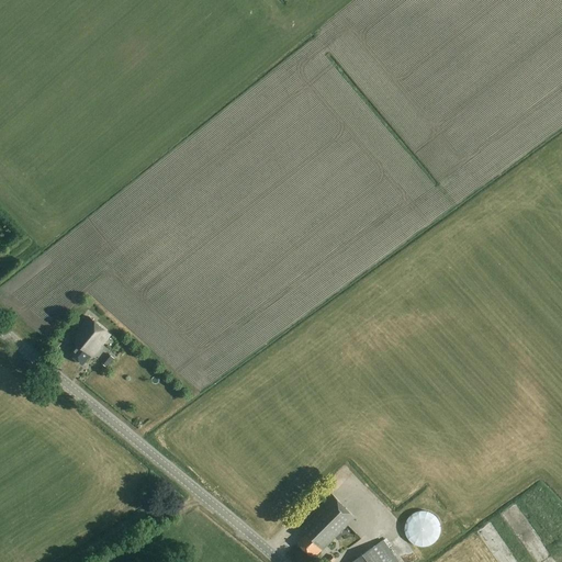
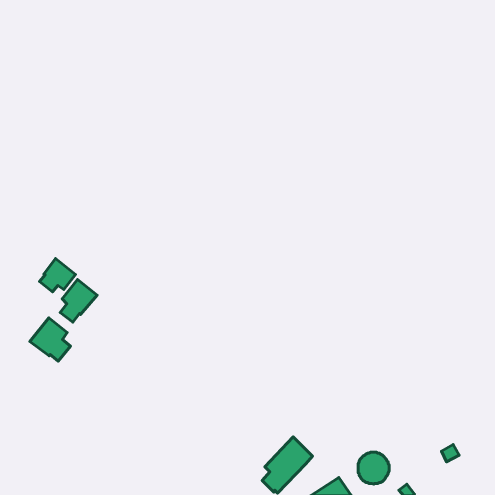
building: none -> [40,258,76,292]
building: none -> [30,318,70,361]

